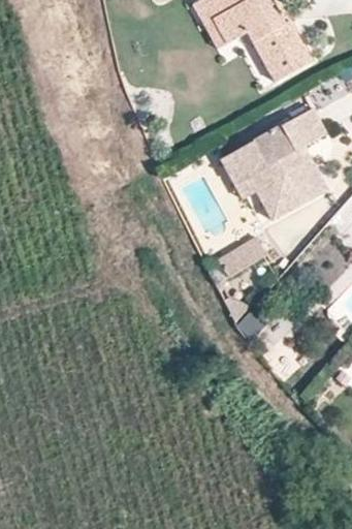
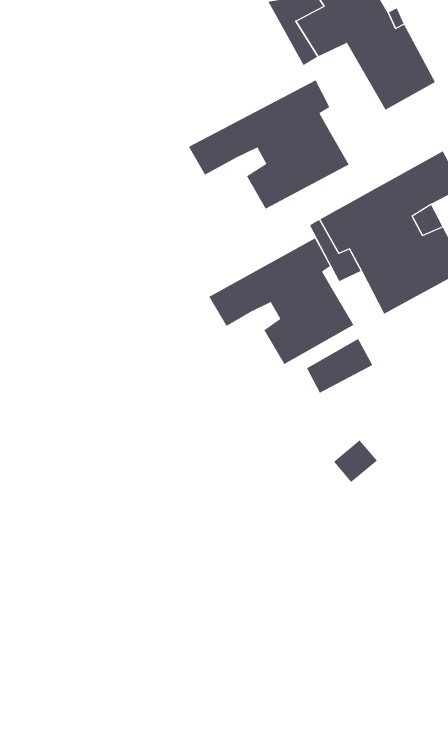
building: none -> [188,79,349,210]
building: none -> [209,237,354,365]

